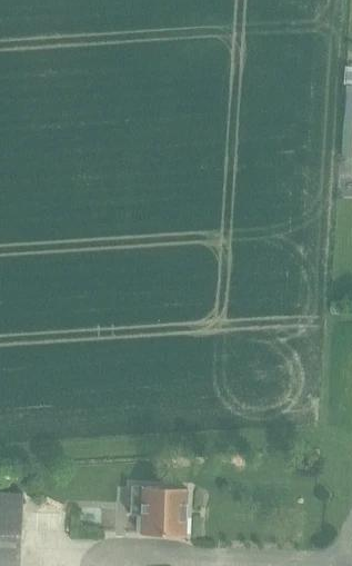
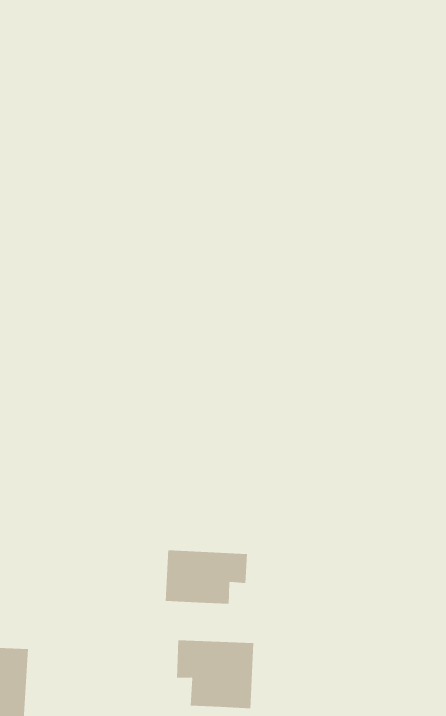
building: none -> [165,549,248,604]

